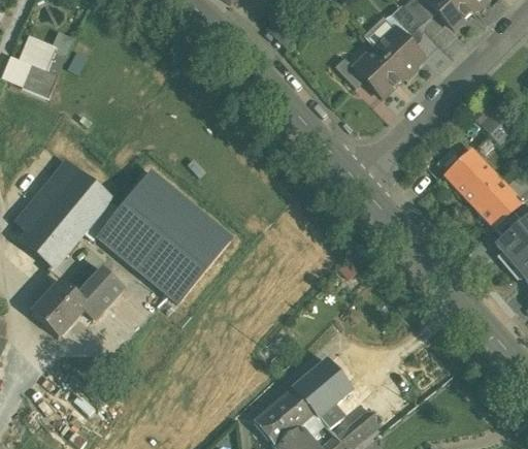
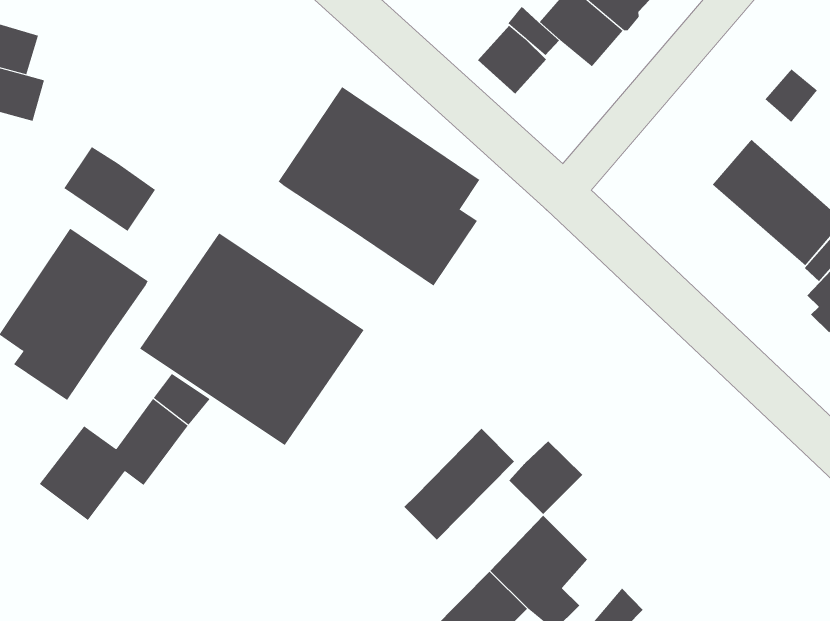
building: none -> [477,25,547,95]
building: none -> [278,86,480,286]
building: none -> [63,146,156,232]
building: none -> [403,428,515,540]
building: none -> [508,440,583,515]

